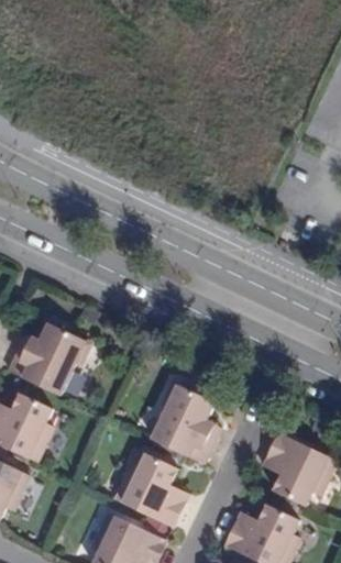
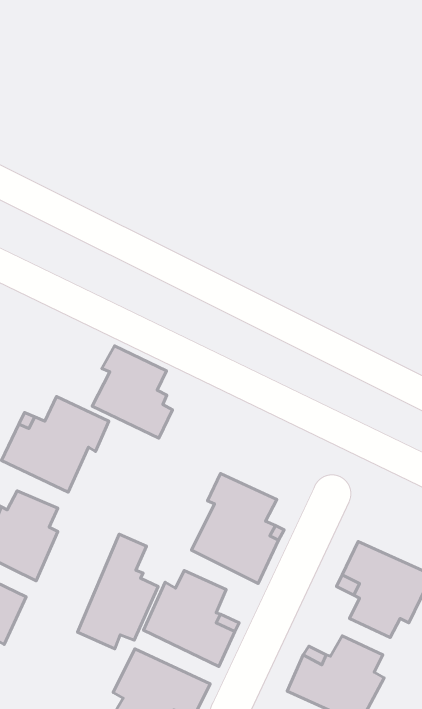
building: none -> [92,346,173,438]
building: none -> [77,534,158,649]

